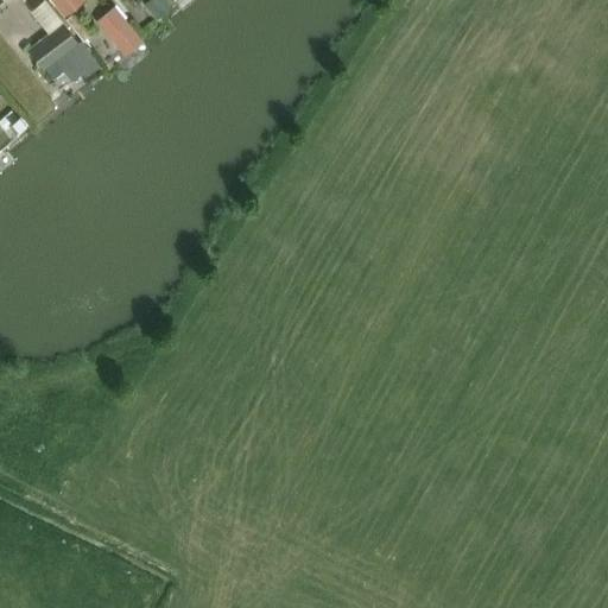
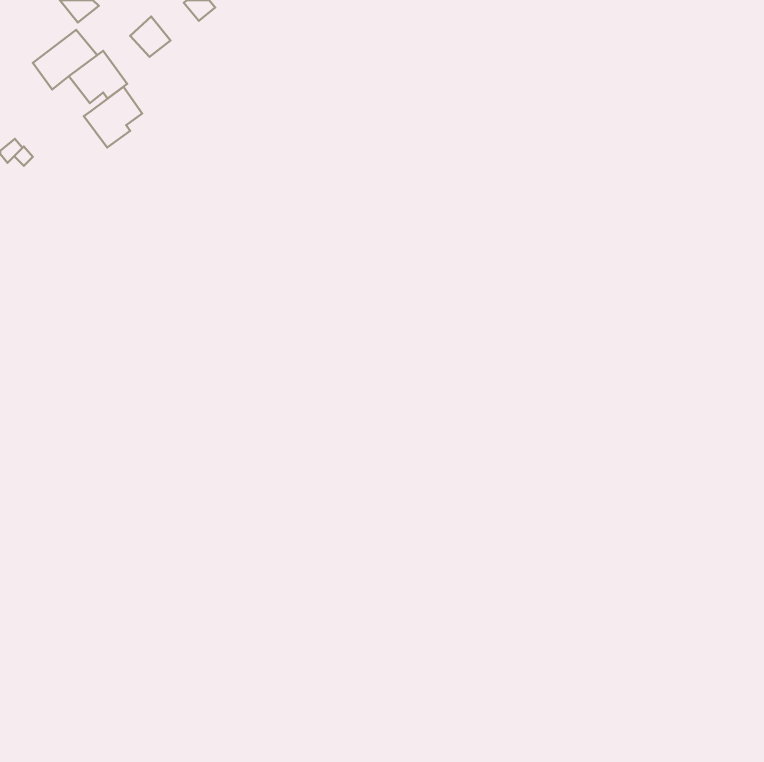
building: none -> [84,87,142,147]

